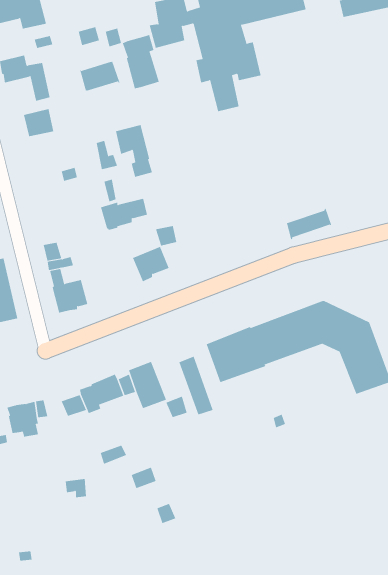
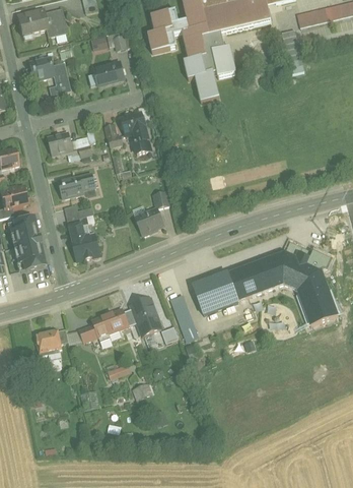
building: [122,34,160,89] -> none
building: [23,108,54,137] -> [48,131,72,154]
building: [100,198,148,230] -> [57,172,94,197]
building: [286,208,332,240] -> none

